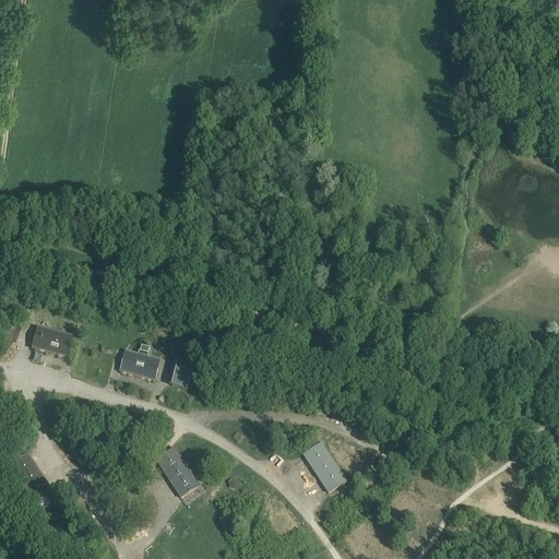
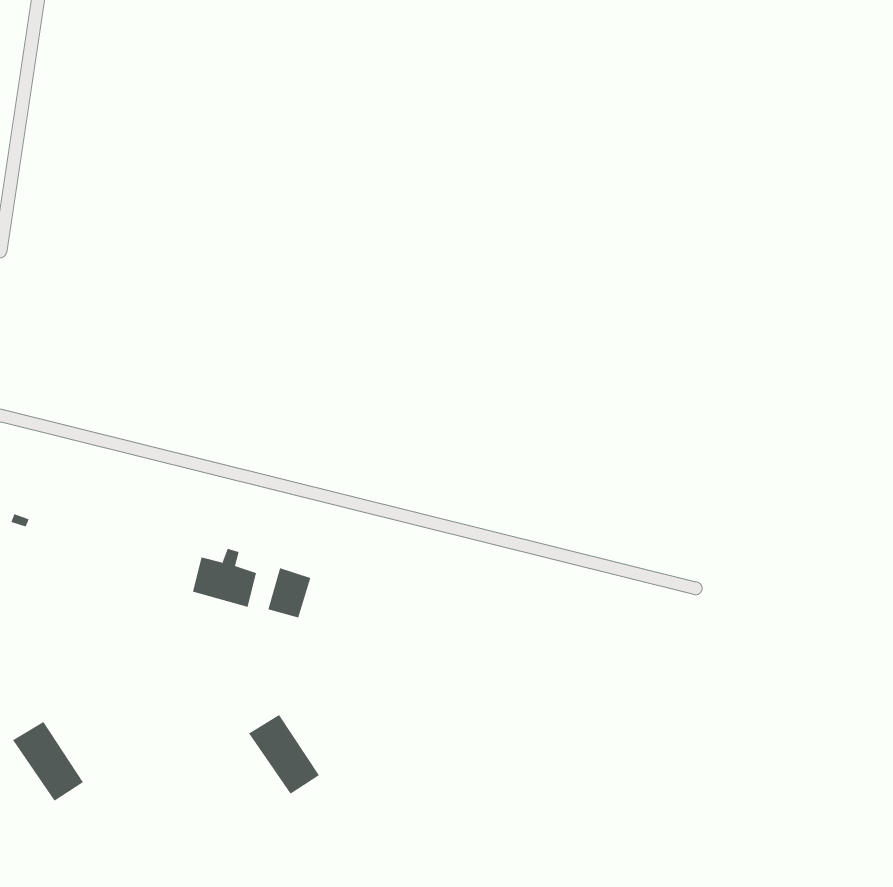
building: [31,325,72,355] -> none
building: [302,441,347,492] -> none

